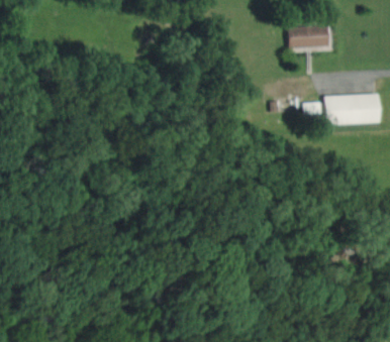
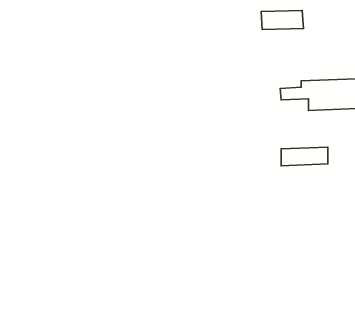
building: none -> [281,147,328,166]

